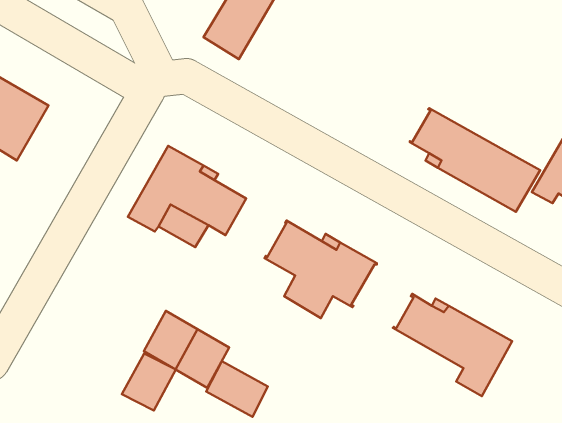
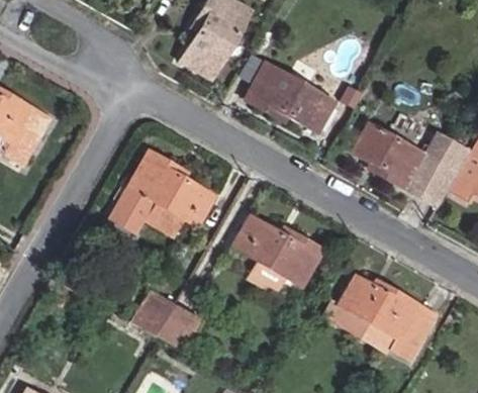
building: none -> [243,61,336,132]
building: none -> [426,132,470,172]
building: none -> [322,298,395,351]
building: [122,353,176,411] -> none
building: [206,361,268,417] -> none

